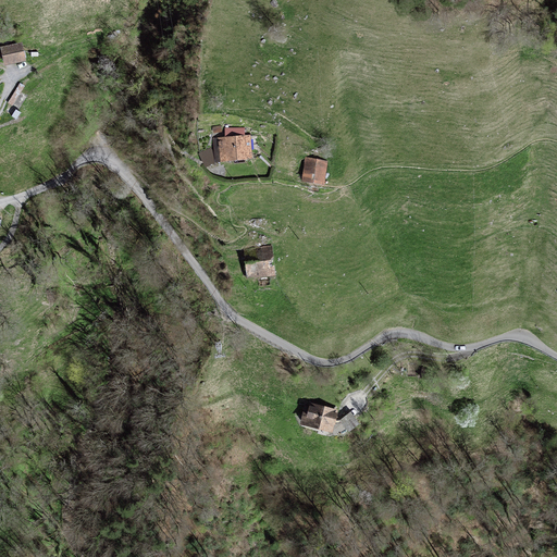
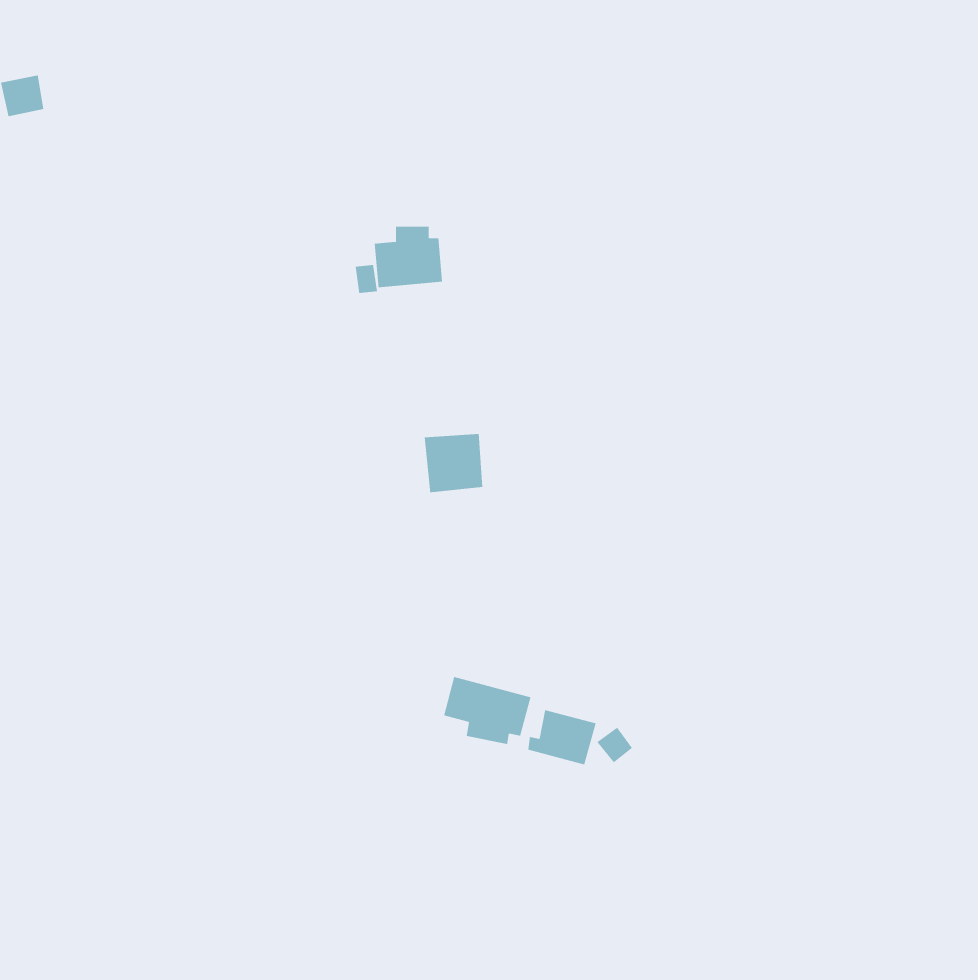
building: [299,158,329,187] -> none
building: none -> [443,676,531,745]

